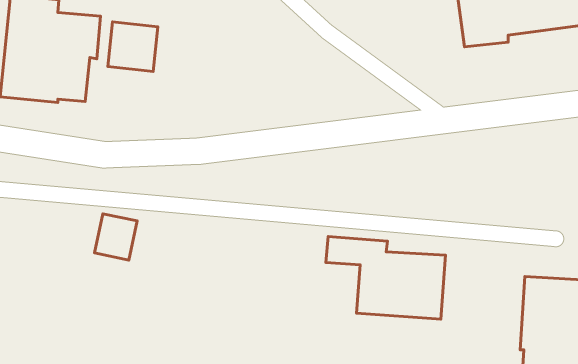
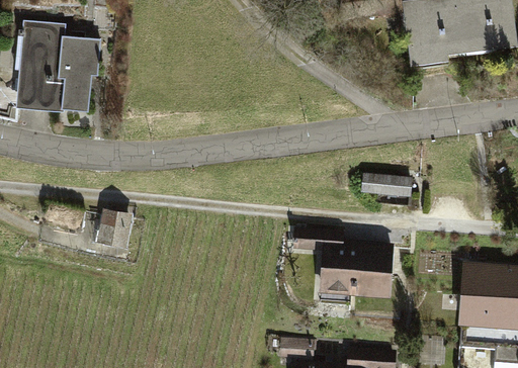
building: [108,22,158,72] -> none
building: none -> [362,174,413,206]

